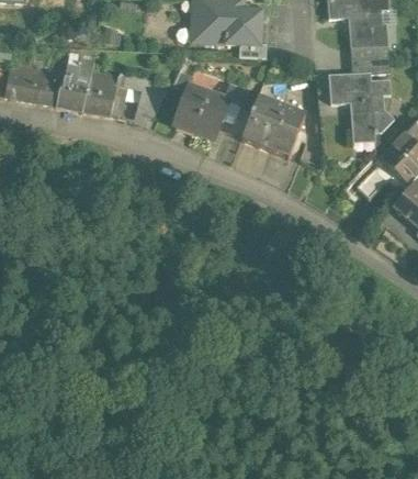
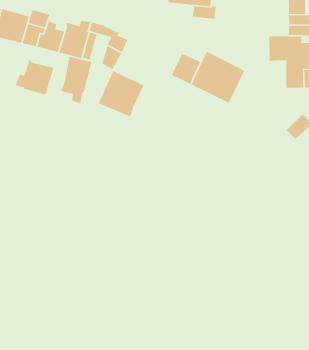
building: [173,85,227,140] -> [98,70,144,117]
building: none -> [60,56,92,105]
building: none -> [14,60,55,95]

